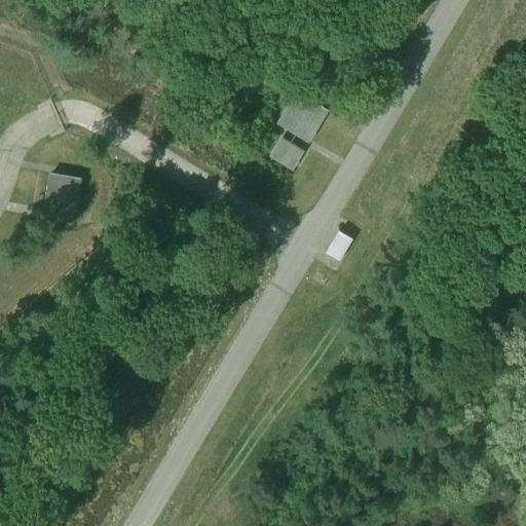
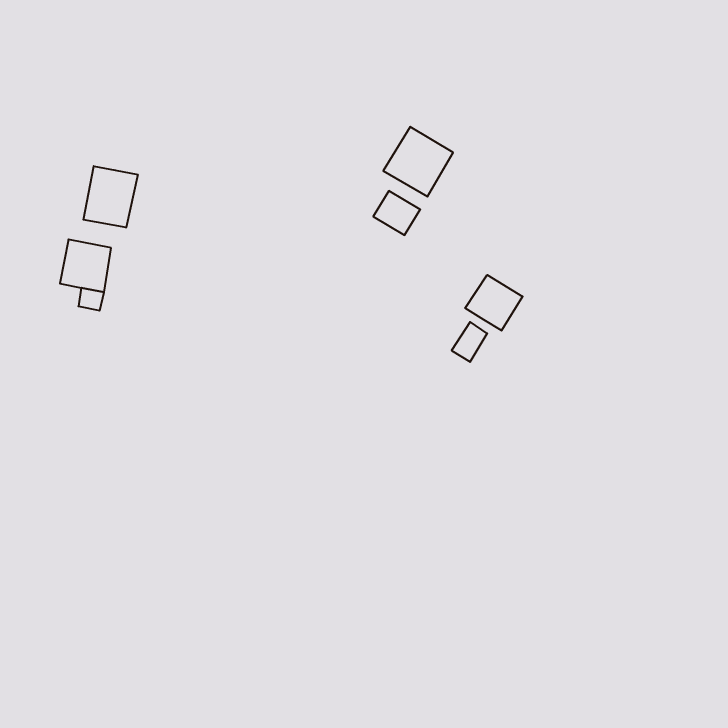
building: none -> [83,166,138,228]
building: none -> [465,275,523,331]

